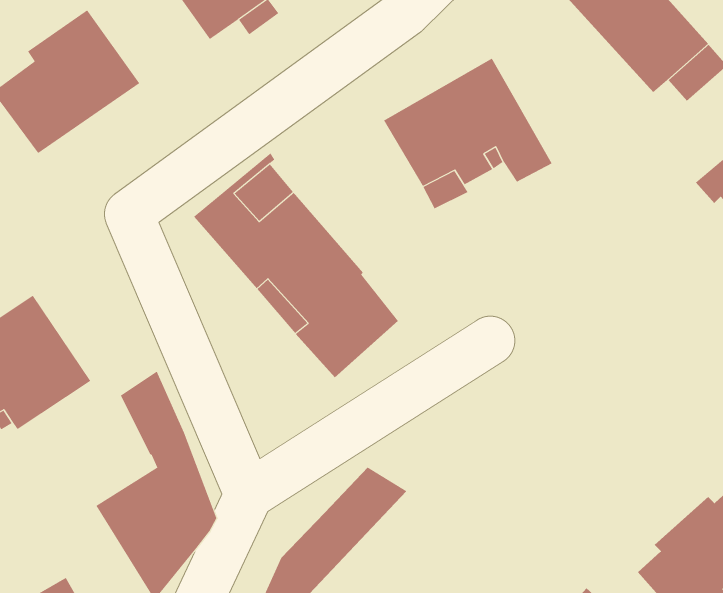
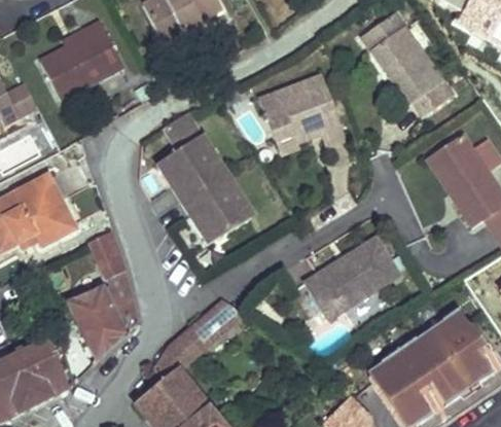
building: none -> [305,239,397,319]

